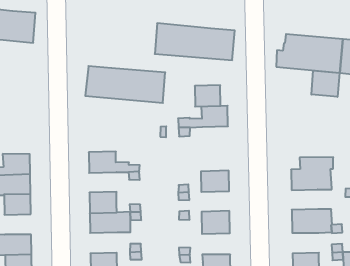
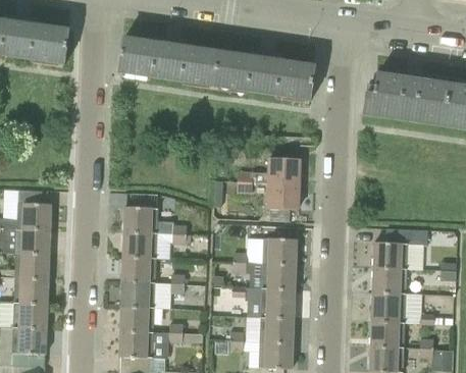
building: [85,66,165,103] -> [117,37,218,88]
building: [311,71,339,97] -> none
building: [195,85,221,107] -> [266,181,299,208]
building: none -> [122,230,157,256]
building: none -> [372,266,406,291]
building: none -> [260,262,296,287]
building: none -> [14,276,48,303]
building: none -> [119,305,154,331]
building: none -> [370,319,404,345]
building: none -> [258,314,294,341]

